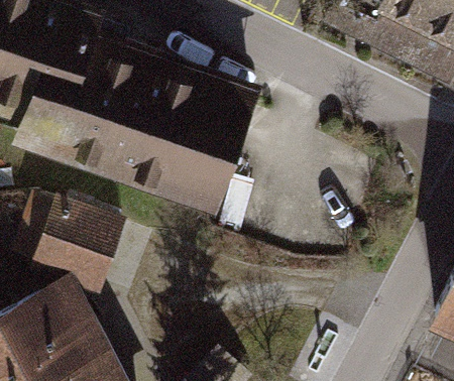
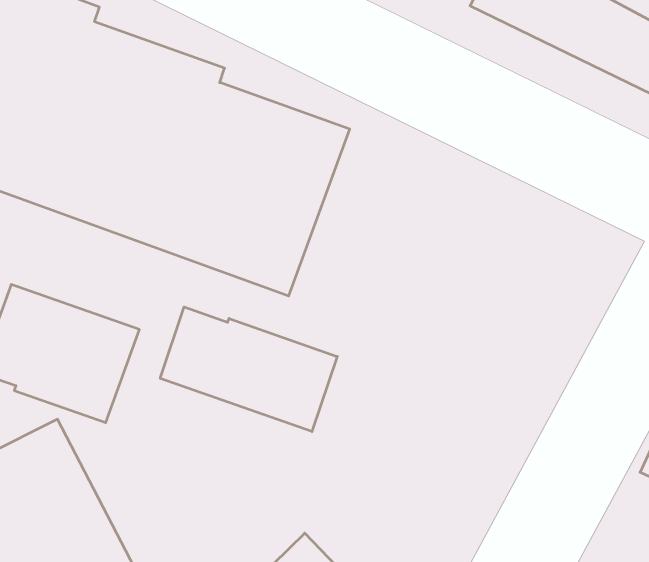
building: none -> [160,307,337,432]

